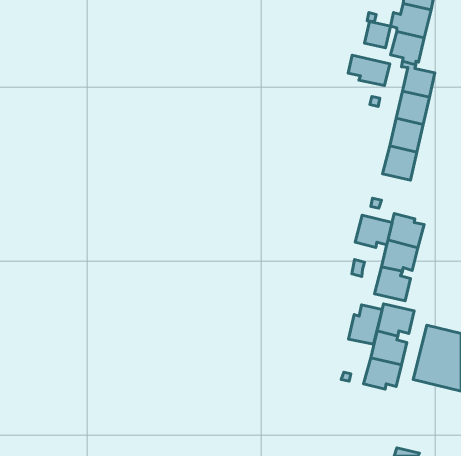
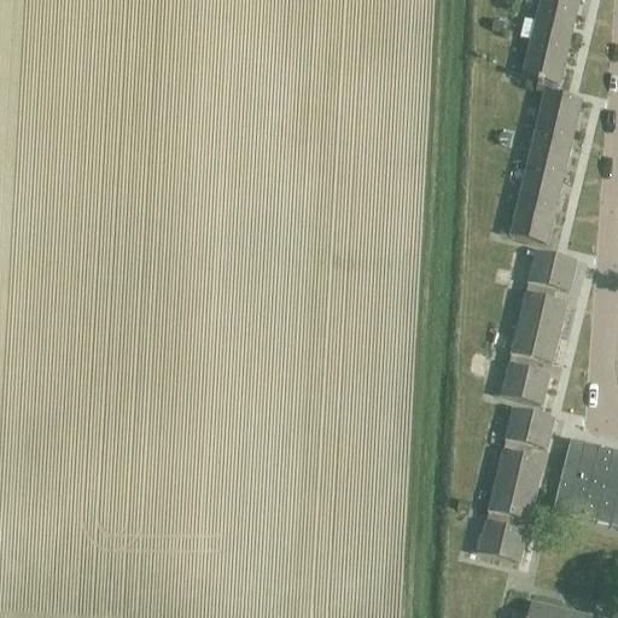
building: [364,21,391,48] -> none
building: [348,55,390,86] -> none
building: [355,215,392,248] -> [527,250,577,293]
building: [348,305,382,344] -> none
building: none -> [478,514,526,561]

